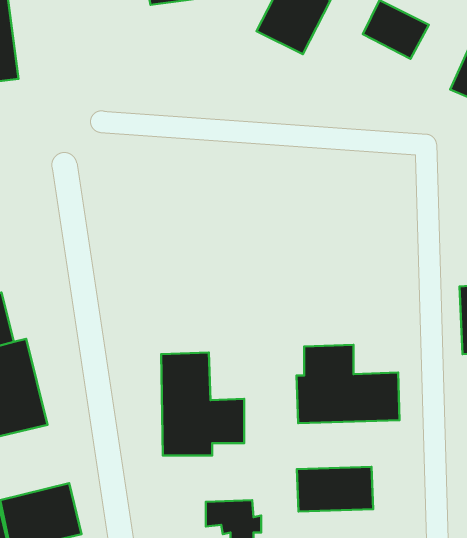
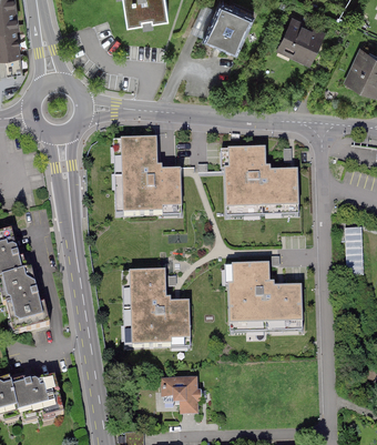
building: none -> [121,139,182,213]
building: none -> [223,149,297,205]
building: [297,467,373,512] -> none

